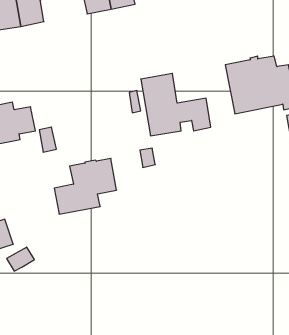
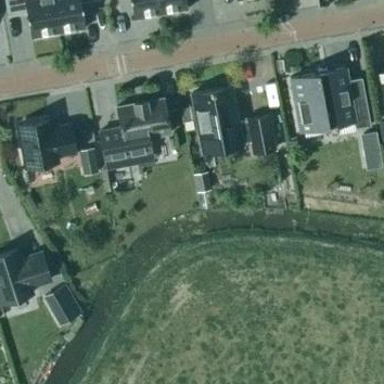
building: [54,158,117,214] -> [100,98,170,161]

